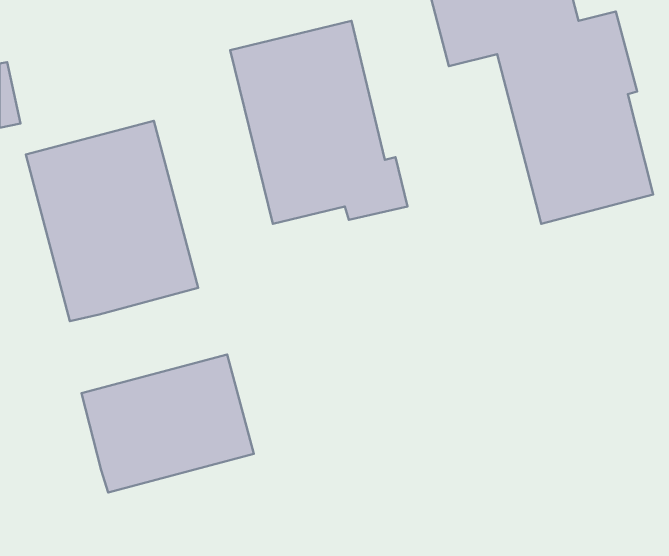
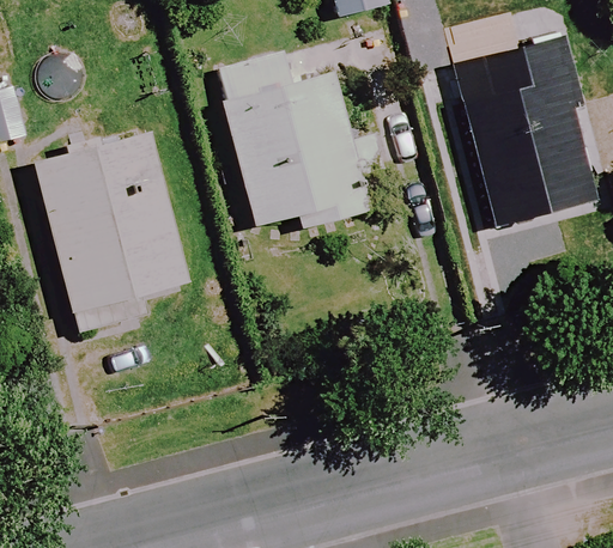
building: [82,355,254,492] -> none

